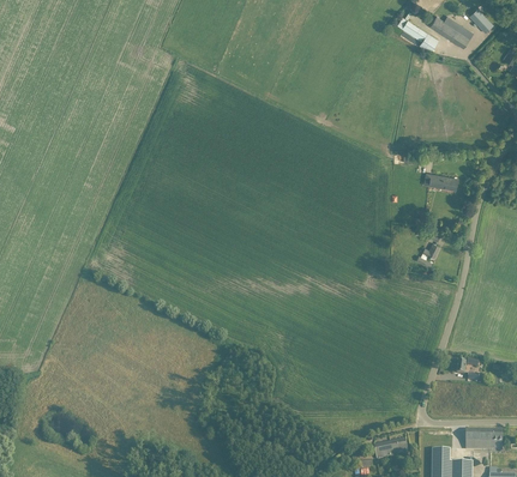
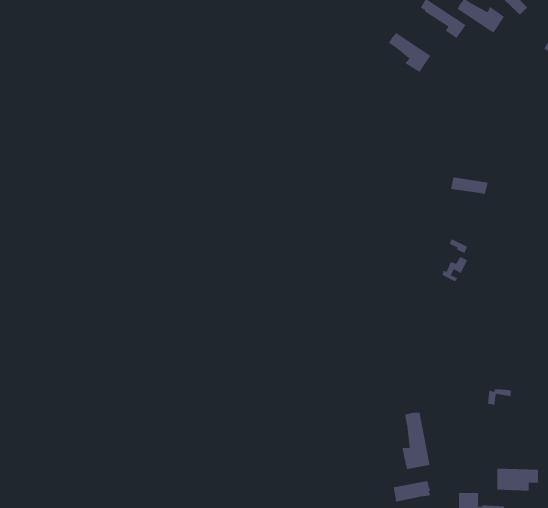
building: none -> [388,32,431,73]
building: none -> [402,412,430,470]

